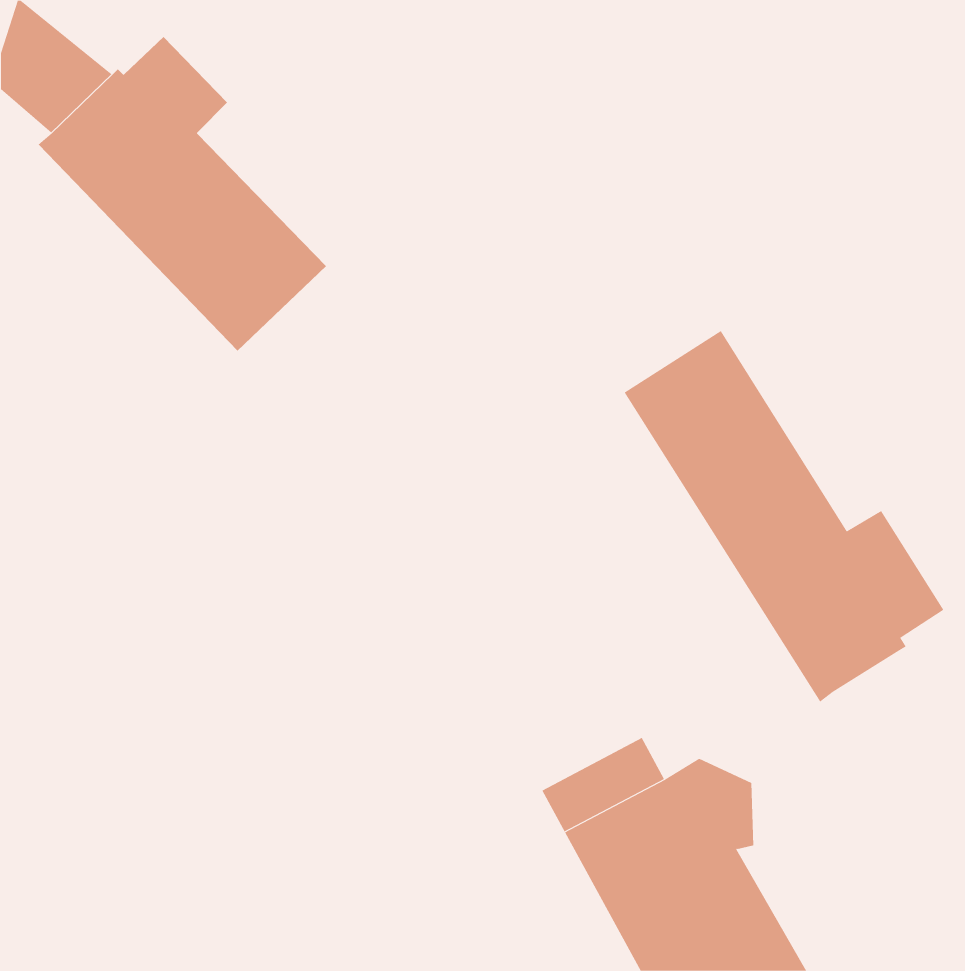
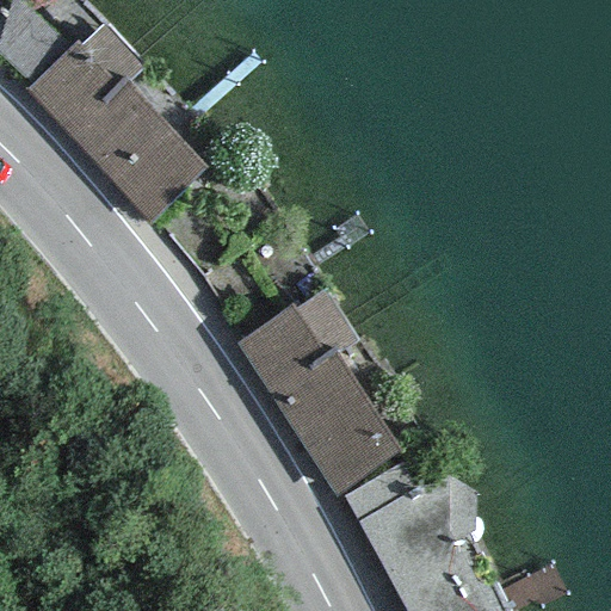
building: [624,330,944,702] -> none
building: none -> [237,291,405,494]

